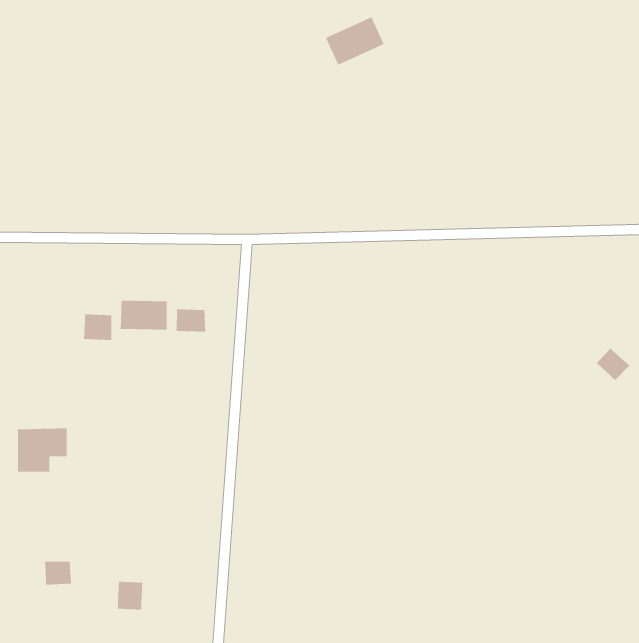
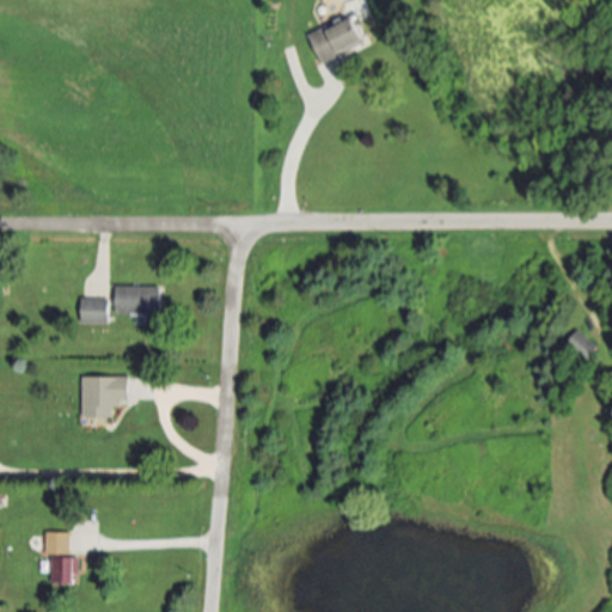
building: [176,309,206,332] -> none
building: [17,428,68,472] -> [80,375,128,417]
building: [117,581,143,610] -> [49,556,74,583]

